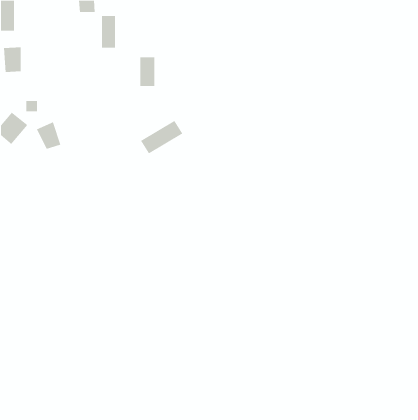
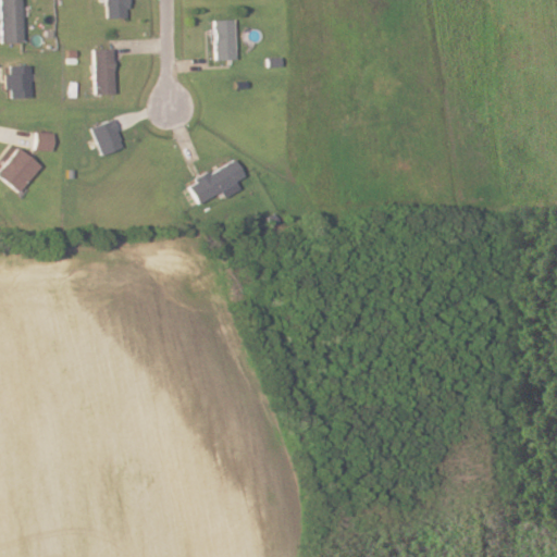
building: [101,15,116,48] -> [96,50,115,94]
building: [139,57,155,86] -> [215,21,236,60]
building: [36,122,61,150] -> [92,117,125,154]

